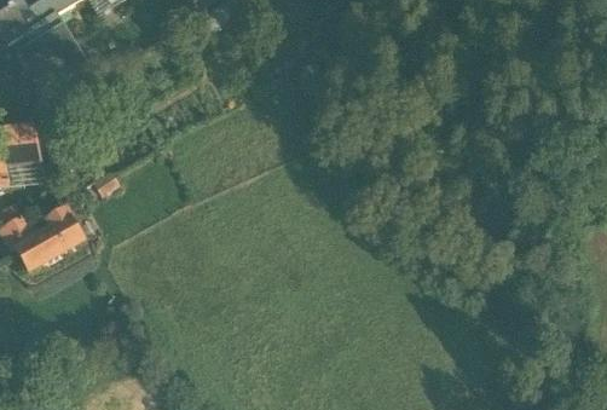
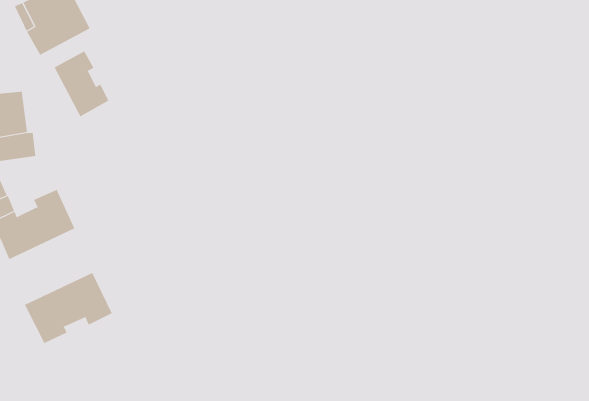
building: none -> [54,51,109,117]
building: none -> [24,272,113,344]

